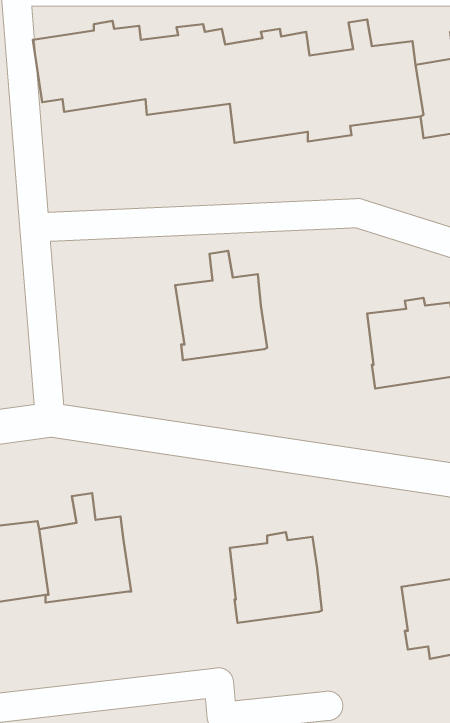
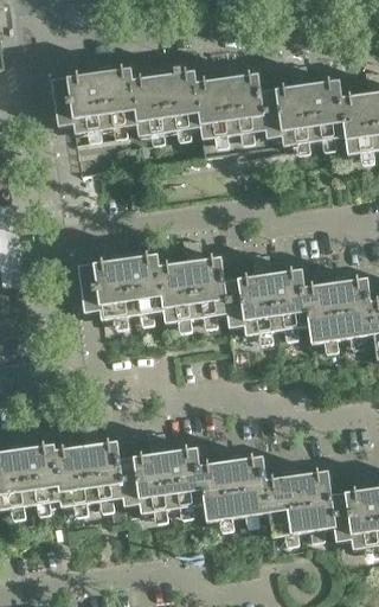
building: none -> [78,253,167,320]
building: none -> [225,254,310,336]
building: none -> [121,432,206,513]
building: none -> [268,469,336,536]

